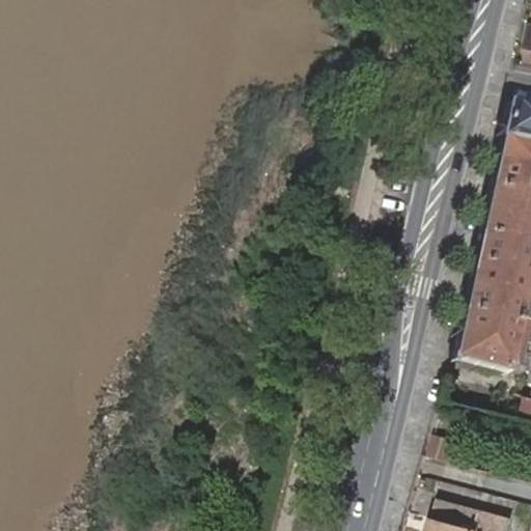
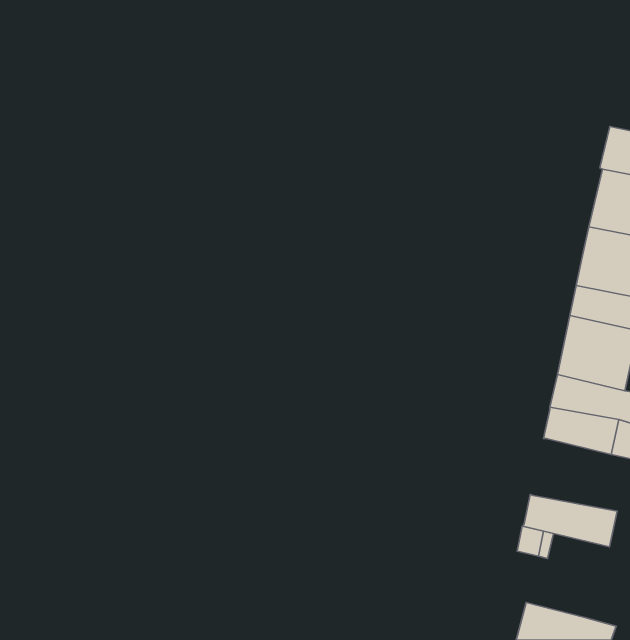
building: none -> [523,494,617,547]

